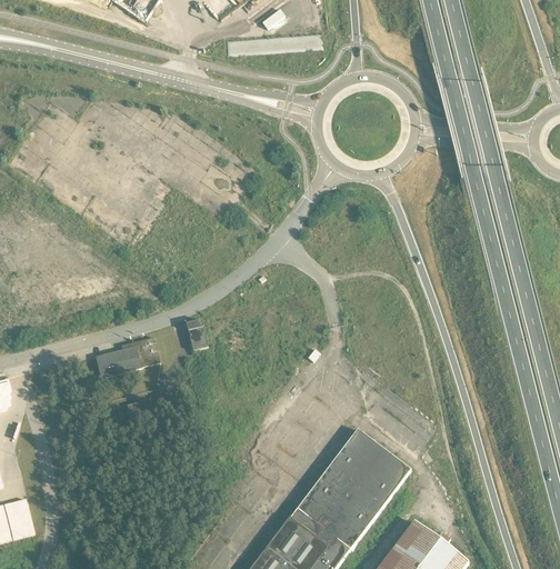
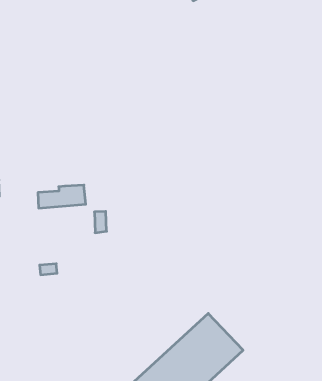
building: [93,339,158,379] -> [38,185,86,208]

